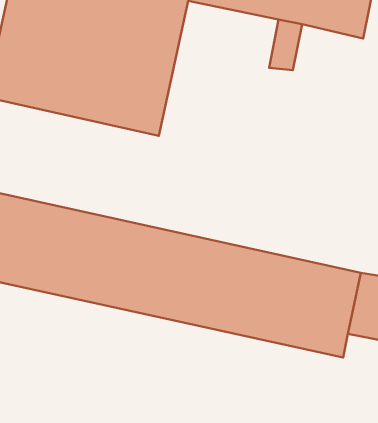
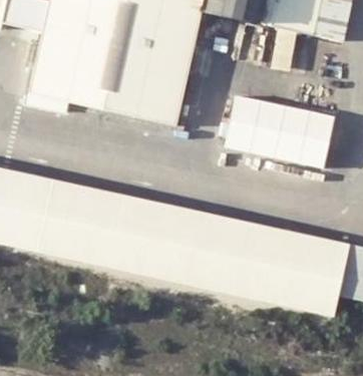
building: none -> [225,91,336,168]

